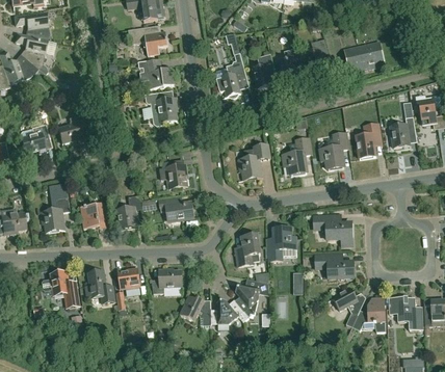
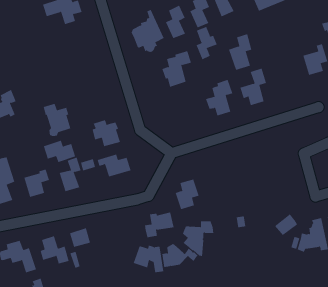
building: [140,59,174,88] -> none
building: none -> [196,26,218,60]
building: [151,90,177,125] -> [43,103,71,137]
building: [356,123,381,159] -> [228,33,252,70]
building: [238,144,270,180] -> [162,51,192,87]
building: none -> [43,140,76,163]
building: [314,214,351,246] -> none
building: [267,228,296,261] -> none
building: [316,254,354,280] -> none
building: [152,269,183,293] -> [144,212,174,238]

